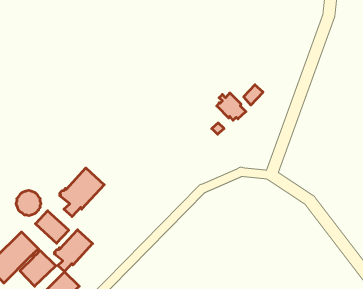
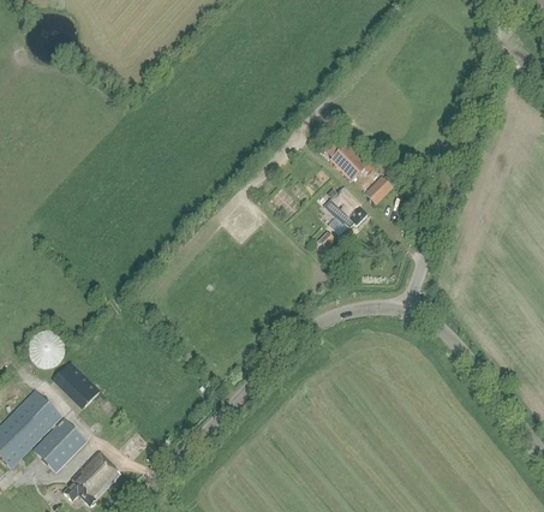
building: none -> [329,143,365,179]
building: [60,168,104,217] -> none
building: [54,230,93,272] -> none

